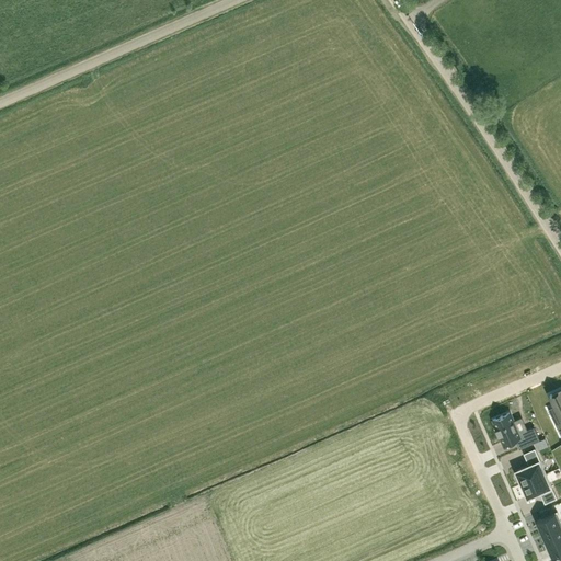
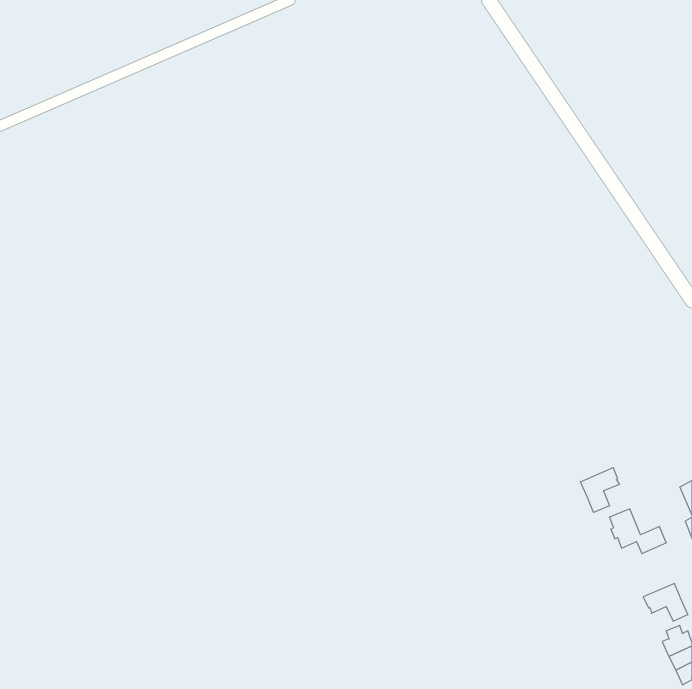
building: none -> [580,468,619,512]
building: [516,449,546,485] -> none

